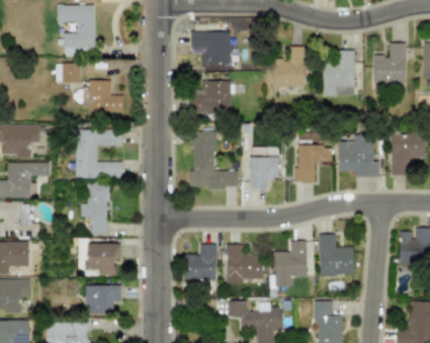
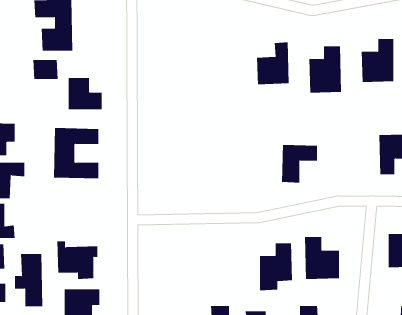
building: [191,31,231,63] -> none
building: [191,80,232,113] -> none
building: [190,132,238,187] -> none
building: [338,134,379,176] -> none
building: [250,156,279,189] -> none
building: [81,182,109,234] -> [14,254,43,307]
building: [184,243,217,279] -> none
building: [227,244,264,283] -> none

